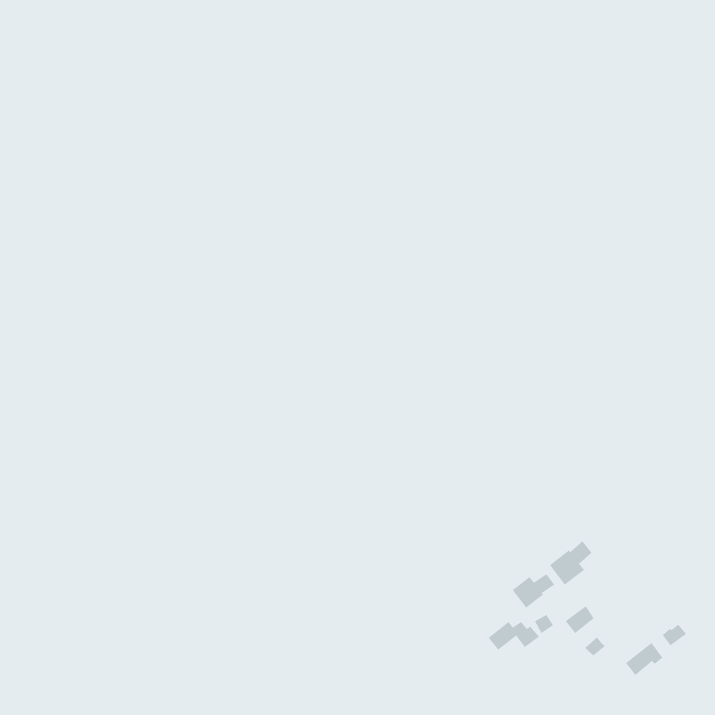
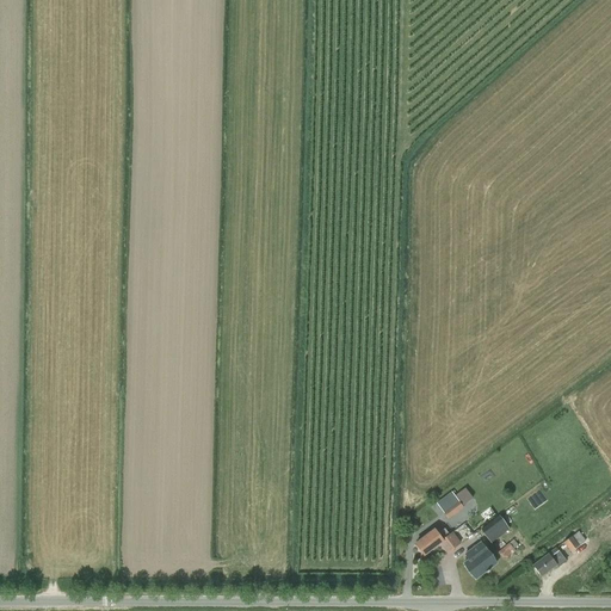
building: [549,540,592,585] -> none
building: none -> [464,542,498,578]

